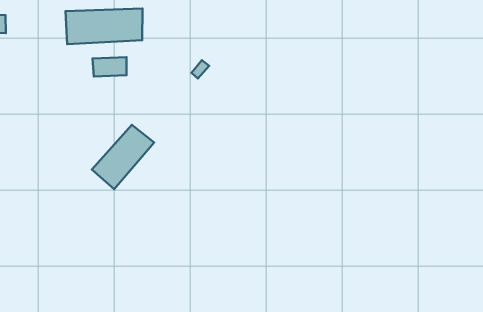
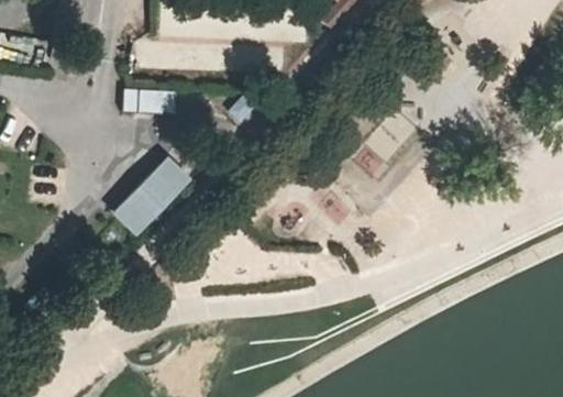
building: [66,8,143,44] -> none

